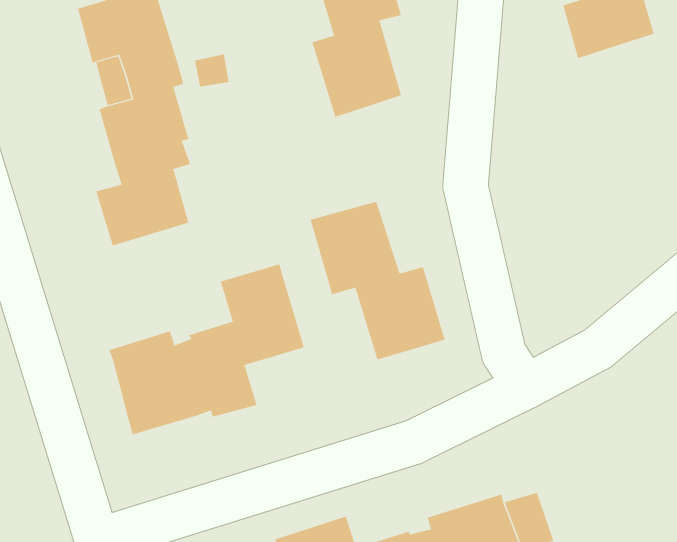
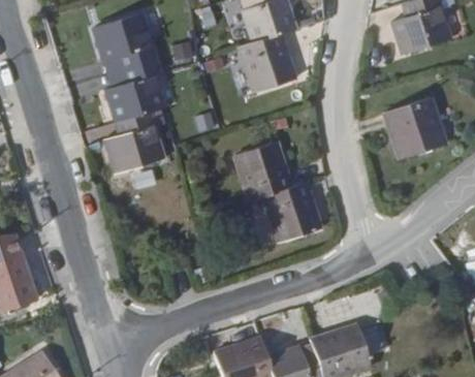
building: none -> [386,98,445,159]
building: [109,264,304,435] -> none

